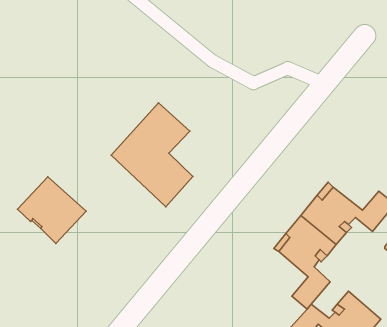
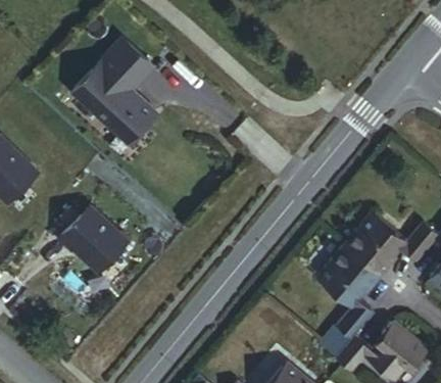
building: [111,103,193,207] -> [75,40,157,145]

